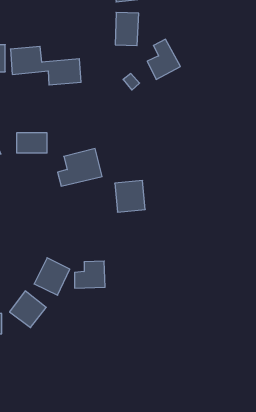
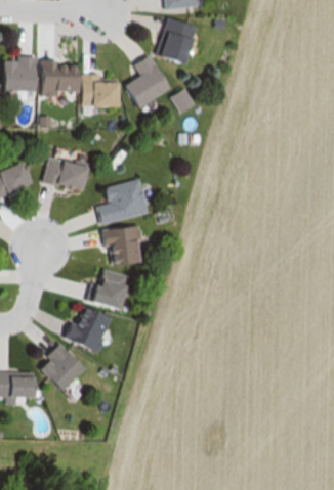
building: [147,39,180,79] -> [132,57,171,104]
building: [115,181,145,212] -> [108,227,143,264]
building: [75,261,105,288] -> [89,274,125,306]

